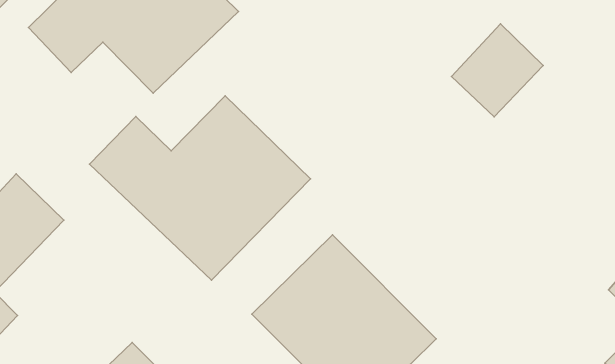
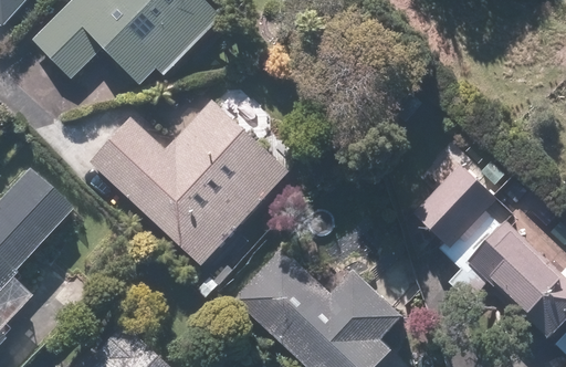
building: [452,24,543,117] -> [412,162,495,247]
building: none -> [468,226,557,315]

